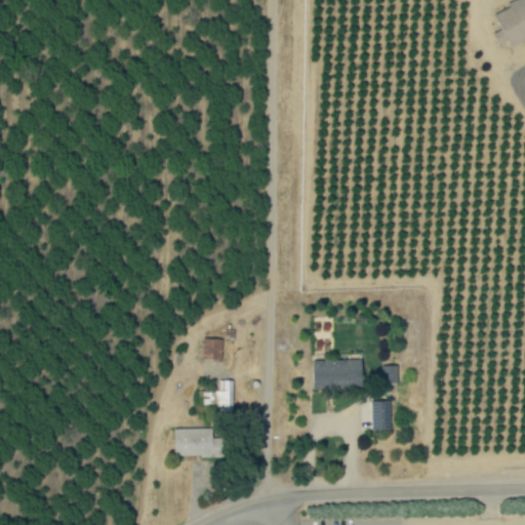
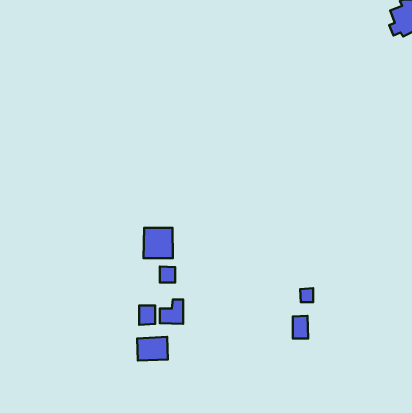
building: none -> [143,228,173,258]
building: [315,359,364,388] -> none
building: none -> [139,306,155,325]

